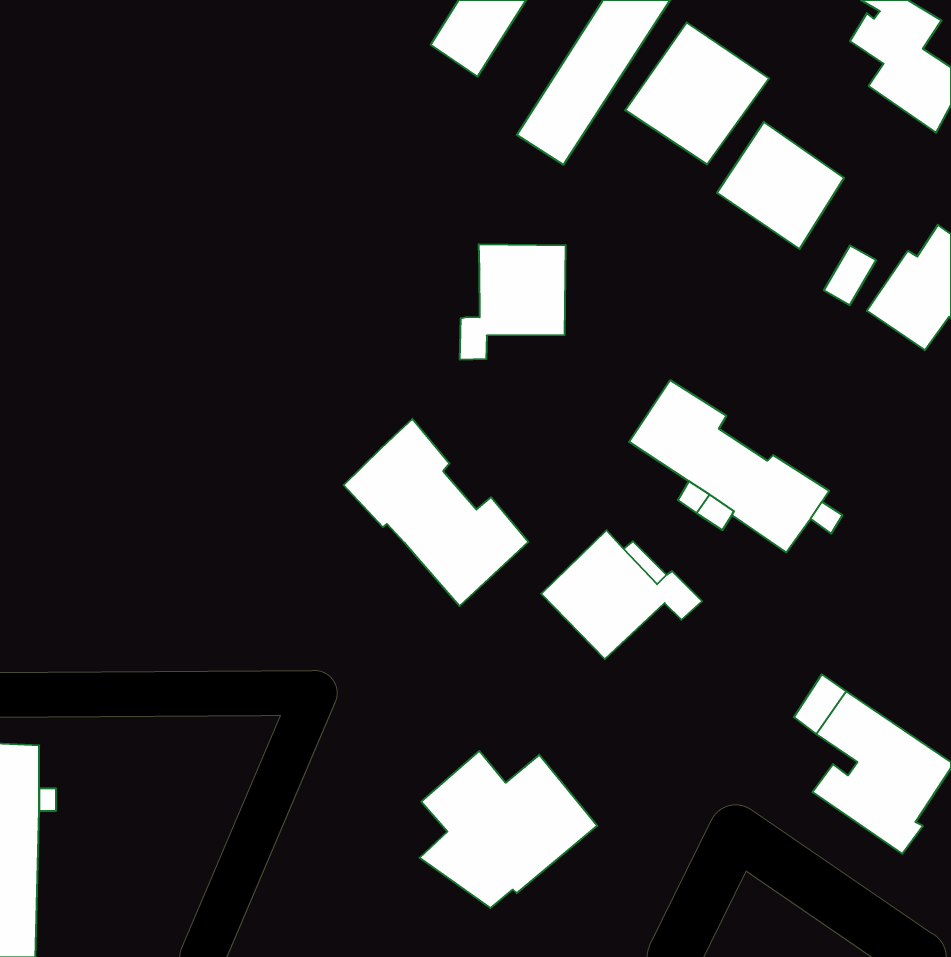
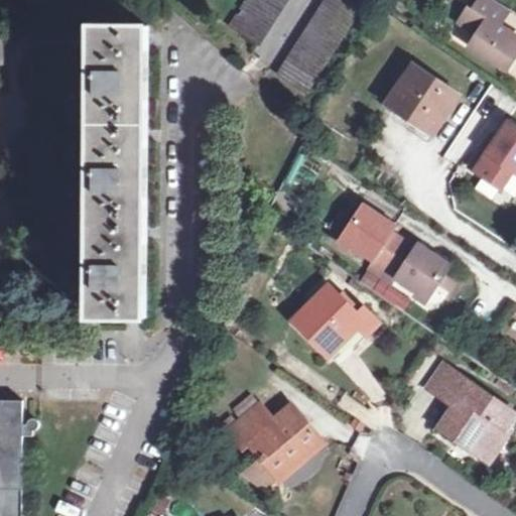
building: [625,22,769,165] -> none
building: none -> [89,25,147,315]
building: [460,244,566,360] -> none
building: [343,419,528,606] -> none

